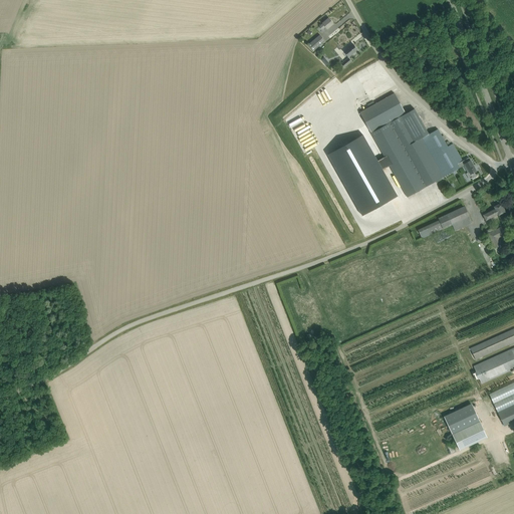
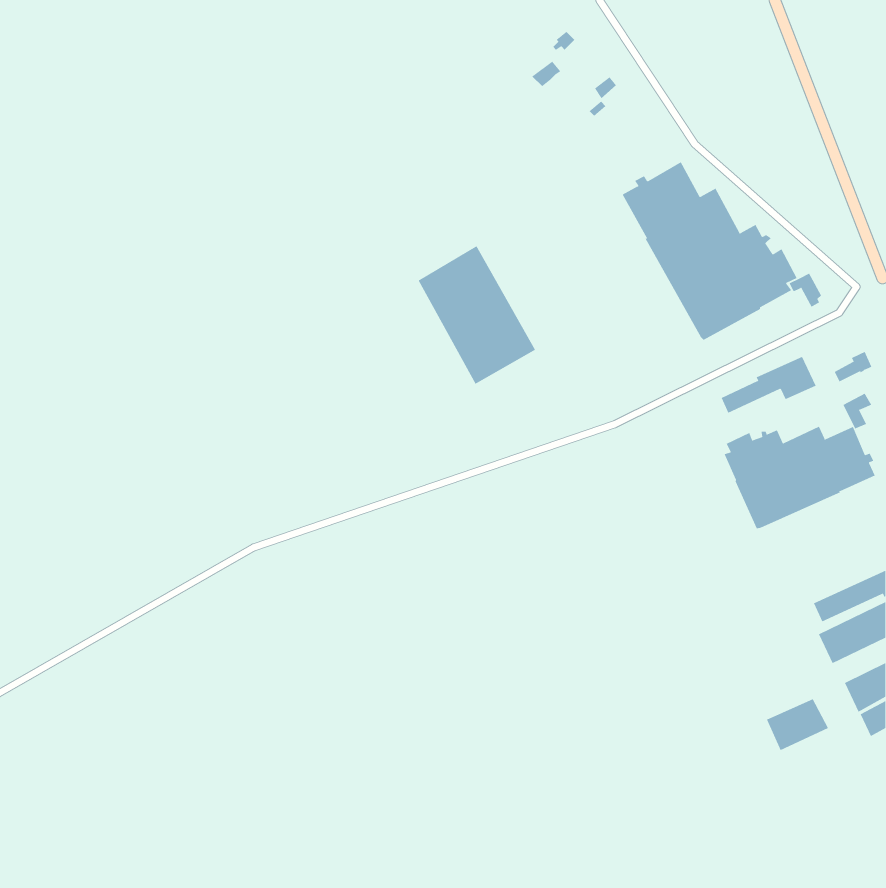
building: [330,133,399,213] -> [418,246,536,385]
building: none -> [724,426,875,529]
building: [451,421,486,450] -> none

